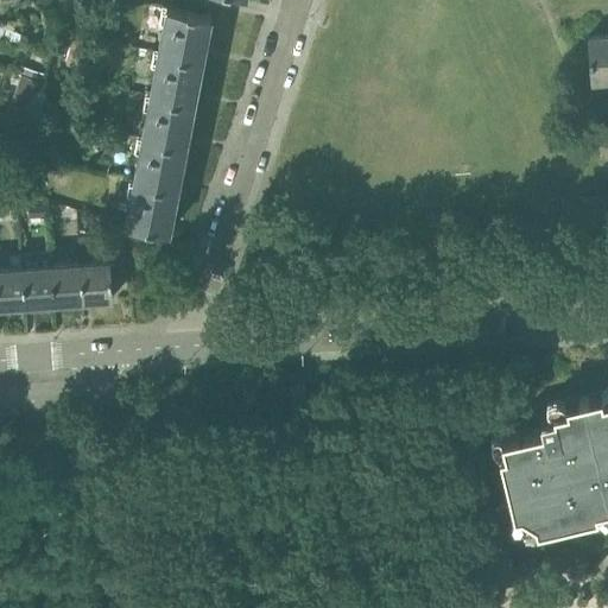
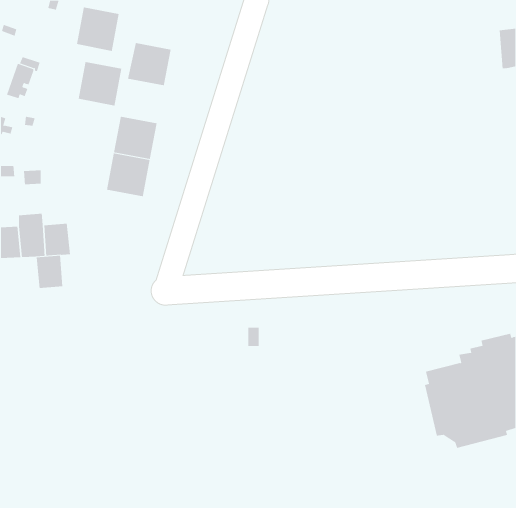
building: [159,15,210,68] -> [76,7,120,51]
building: [141,102,194,154] -> [78,62,122,106]
building: [80,270,112,309] -> [36,255,63,289]

